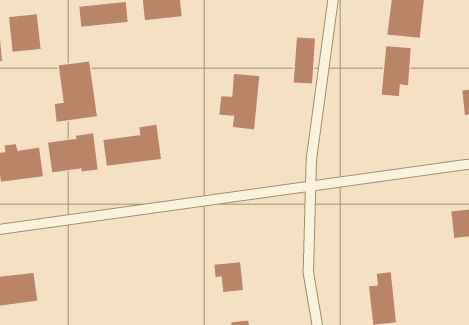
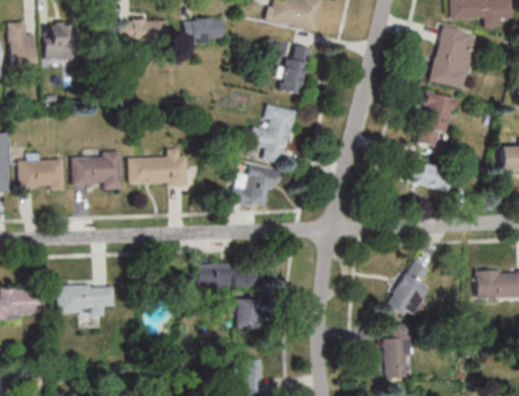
building: [293,37,316,84] -> [281,45,309,94]
building: [54,61,97,122] -> none
building: none -> [406,161,451,191]
building: none -> [230,165,280,209]
building: none -> [389,259,430,318]
building: none -> [197,264,249,289]
building: none -> [57,285,113,316]

